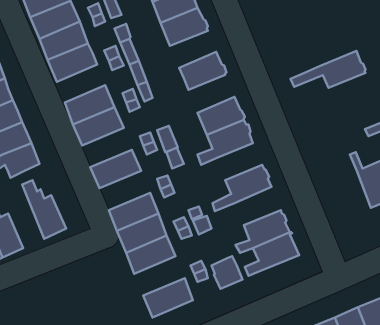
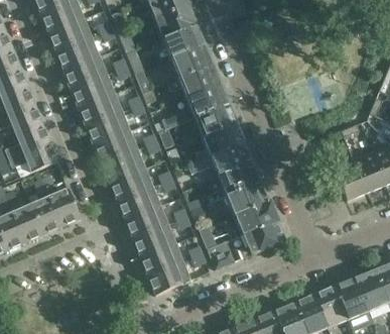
building: none -> [170,44,211,77]
building: [291,51,366,88] -> [185,142,251,175]
building: none -> [72,74,114,107]
building: none -> [182,83,227,117]
building: none -> [94,129,137,163]
building: none -> [109,166,153,201]
building: none -> [29,178,60,234]
building: none -> [227,181,267,214]
building: none -> [139,241,183,275]

